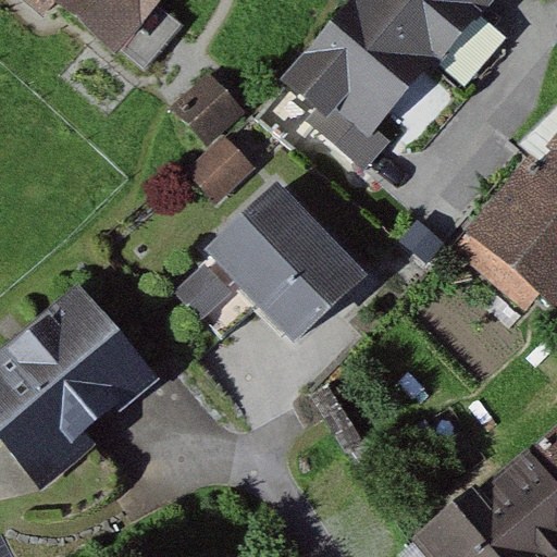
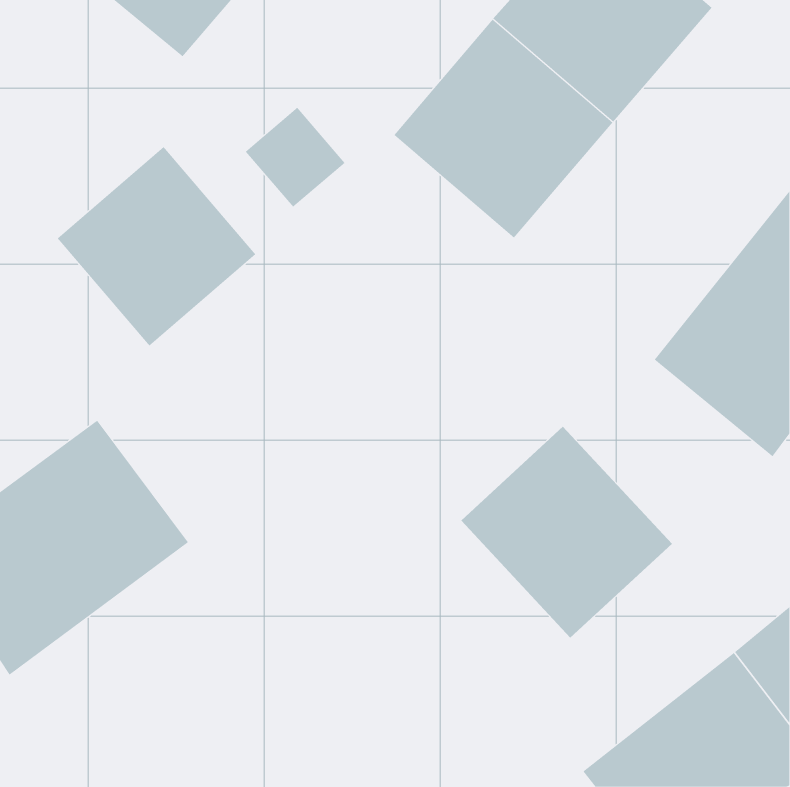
building: none -> [57,146,256,346]
building: [208,182,368,343] -> none
building: none -> [461,426,673,638]

